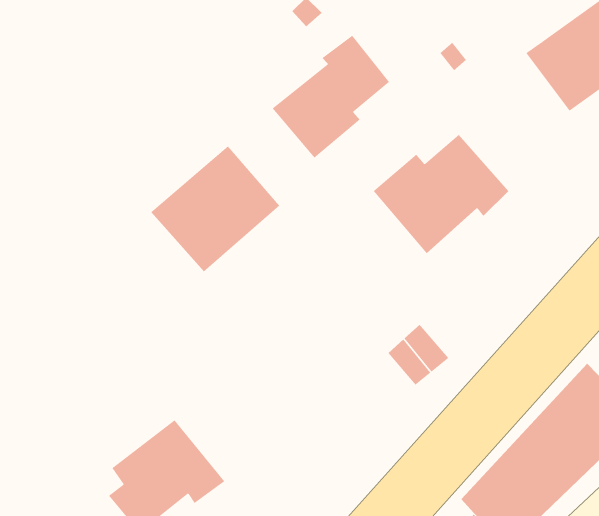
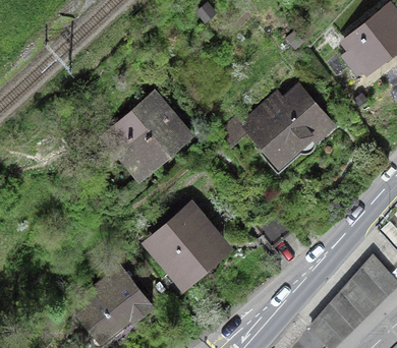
building: [272,35,390,159] -> none
building: none -> [151,210,219,281]

